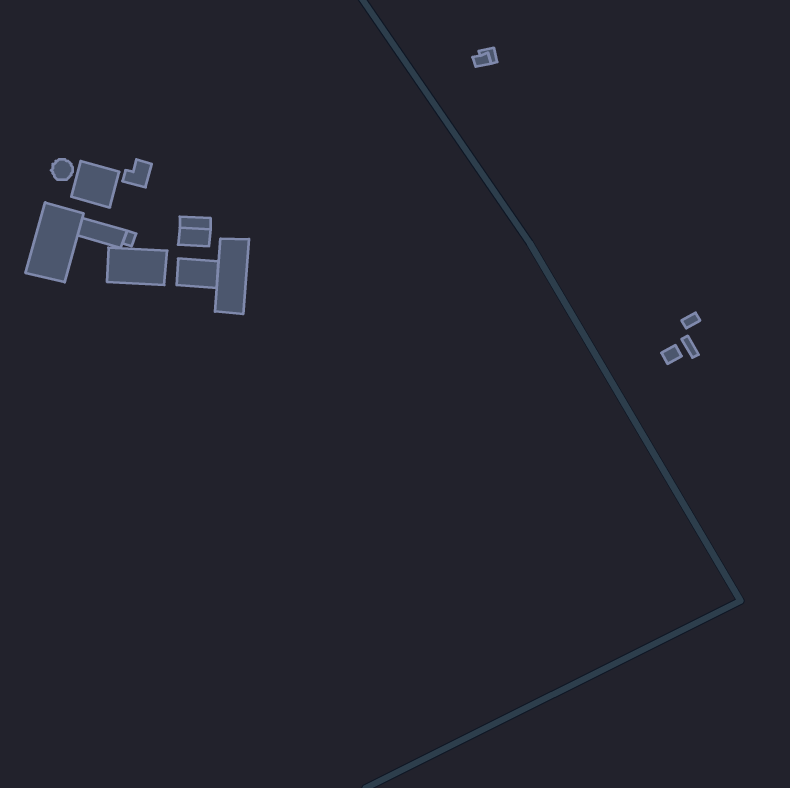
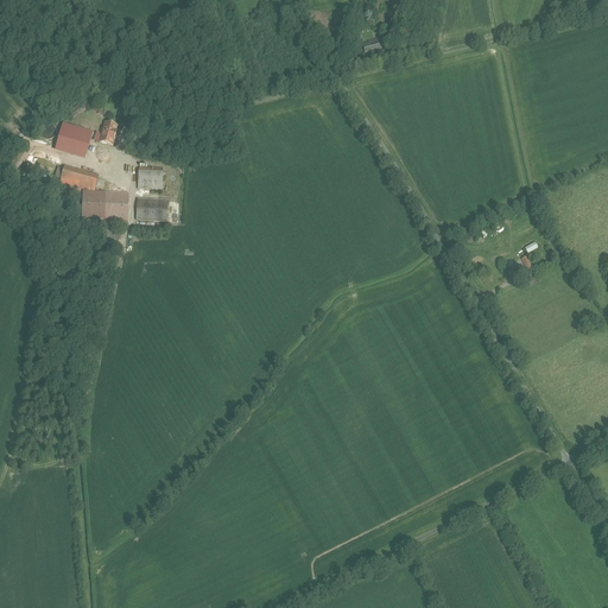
building: [26,202,83,282] -> none
building: [215,239,249,314] -> none

